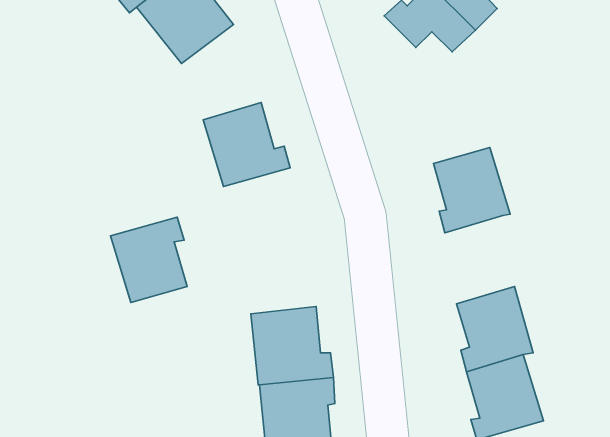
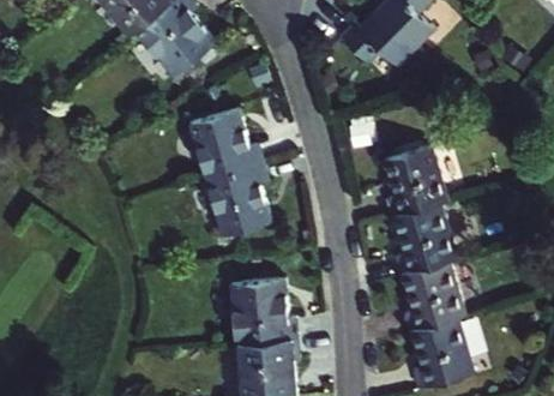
building: none -> [391,203,456,276]
building: [110,217,187,302] -> [207,163,271,234]

